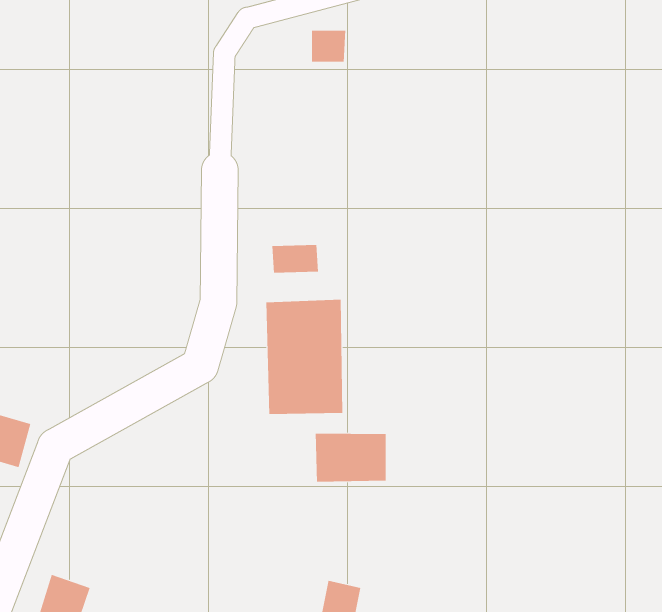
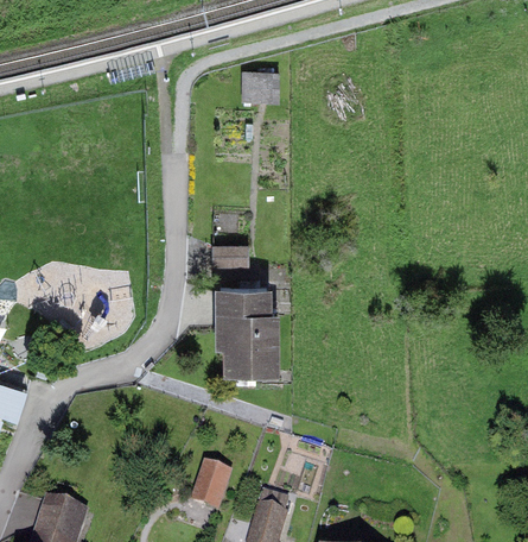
building: [315,433,386,483] -> none
building: none -> [192,461,234,510]

